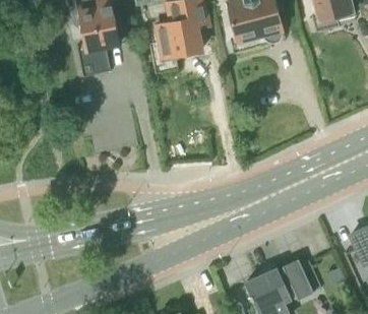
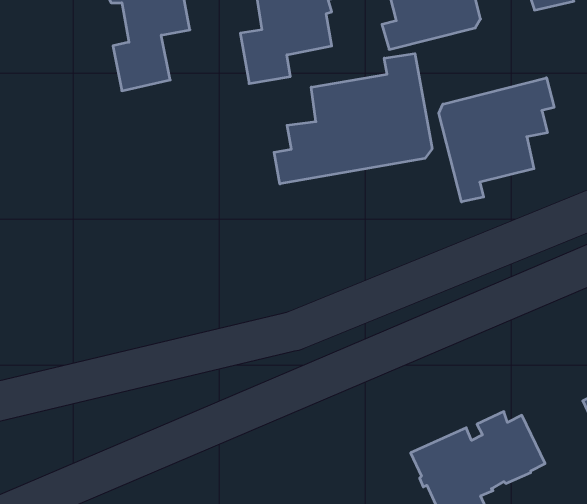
building: none -> [274,54,432,184]
building: none -> [439,78,554,202]

